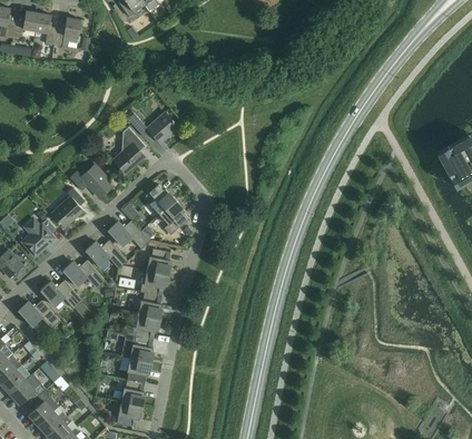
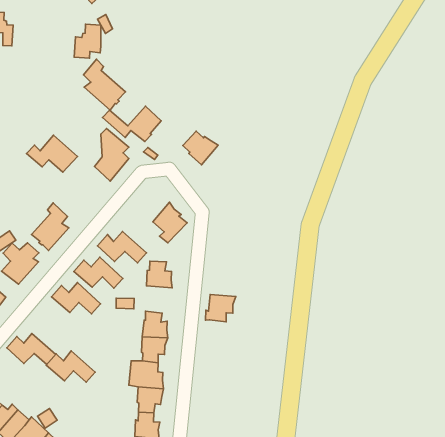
building: [52,17,79,47] -> [74,24,101,58]
building: none -> [83,59,126,110]
building: [68,164,112,197] -> [27,135,78,172]
building: [144,184,175,214] -> [183,131,218,165]
building: [139,270,168,295] -> [206,294,236,322]
building: [39,280,81,309] -> [46,351,95,382]

